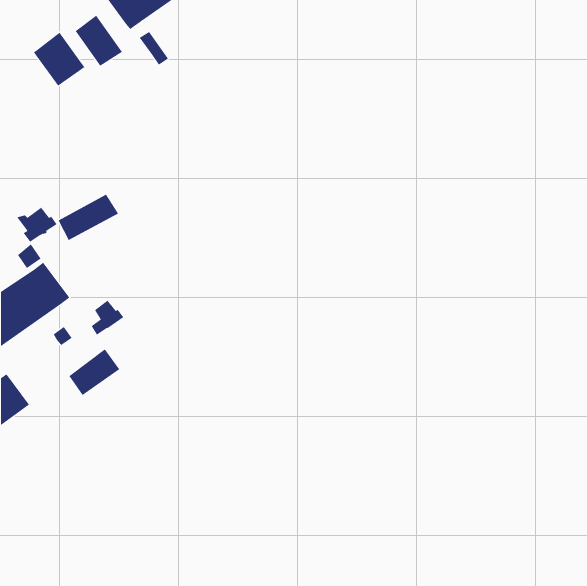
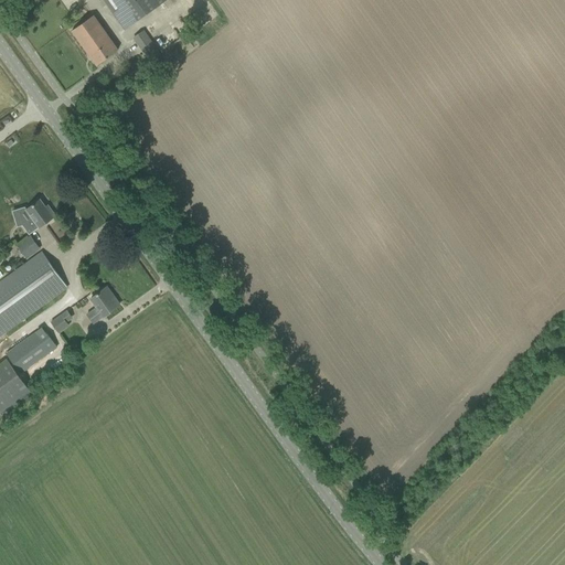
building: [33,32,85,86] -> none
building: [58,194,119,241] -> none
building: [68,349,120,396] -> [7,327,56,372]

